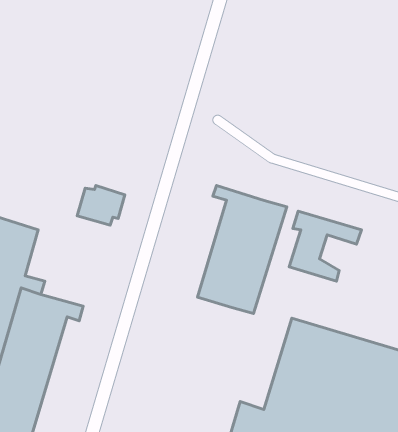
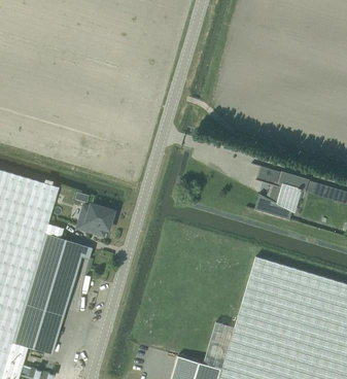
building: [197,185,287,313] -> none
building: [77,185,125,225] -> [77,206,114,237]

